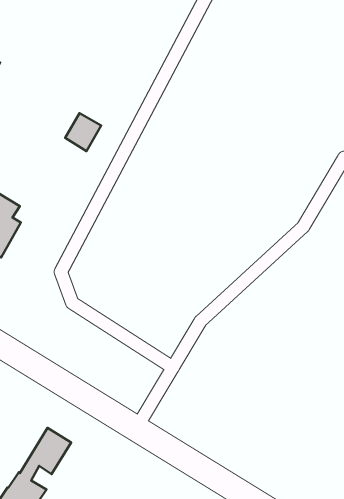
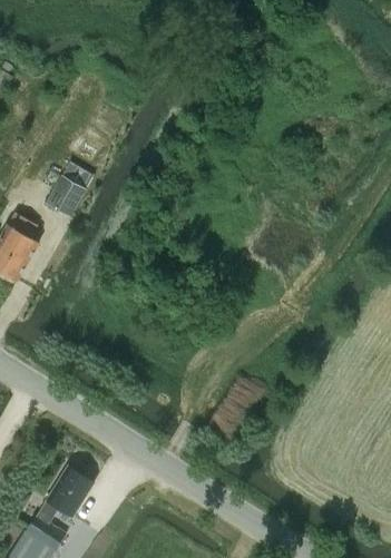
building: [65,113,101,151] -> [46,176,85,217]

